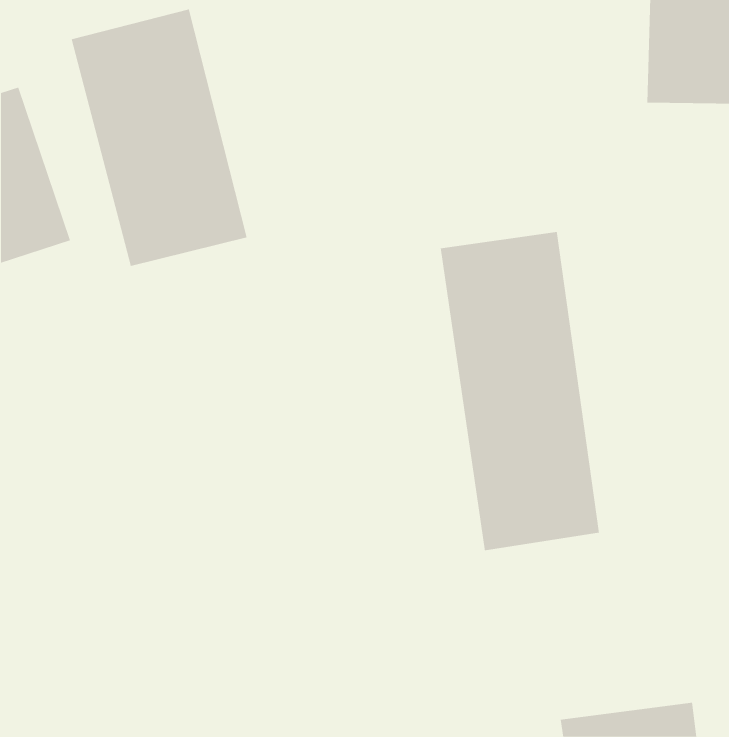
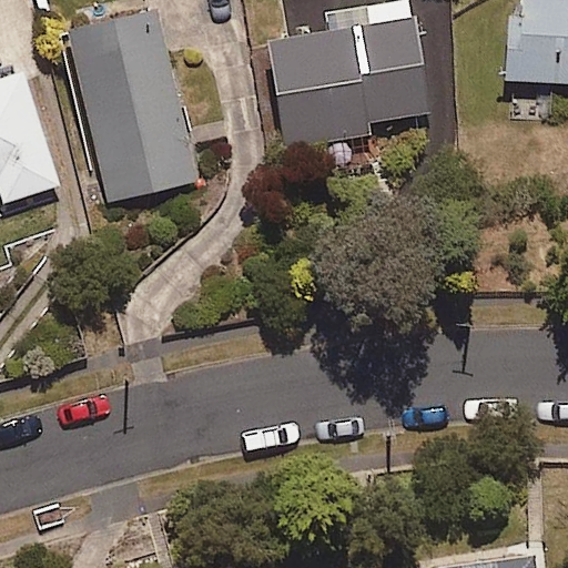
building: none -> [270,19,427,148]
building: [440,231,600,551] -> none

